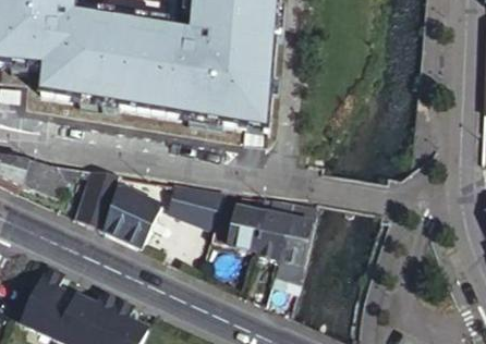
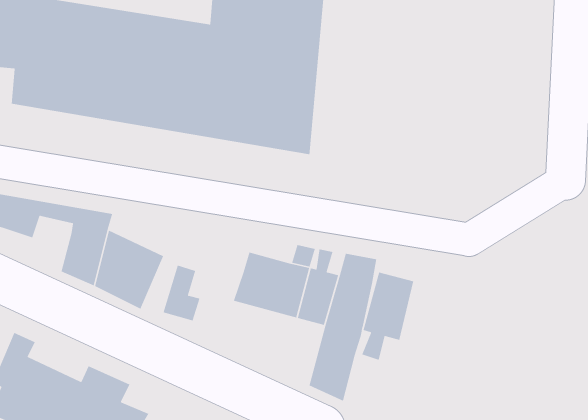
building: [169,182,224,217] -> none
building: none -> [361,271,414,361]

